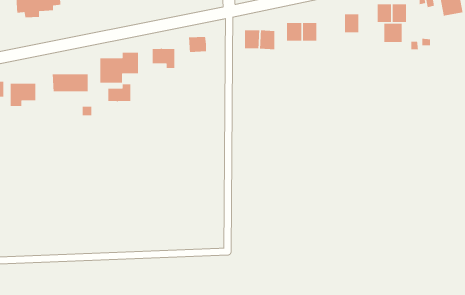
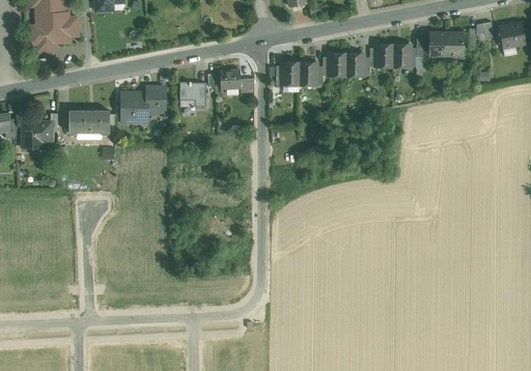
building: none -> [375,45,393,66]
building: [384,23,403,43] -> none
building: [108,84,131,103] -> none

